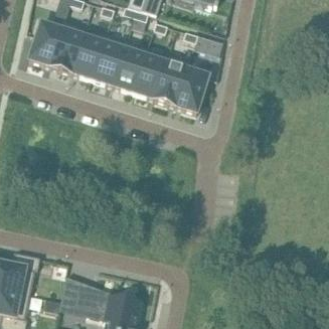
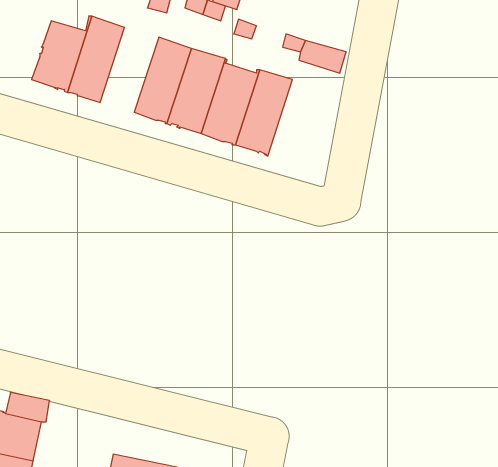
building: [69,26,106,78] -> none
building: [173,58,208,112] -> none

